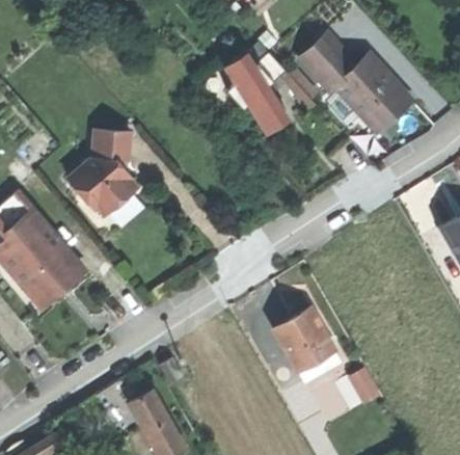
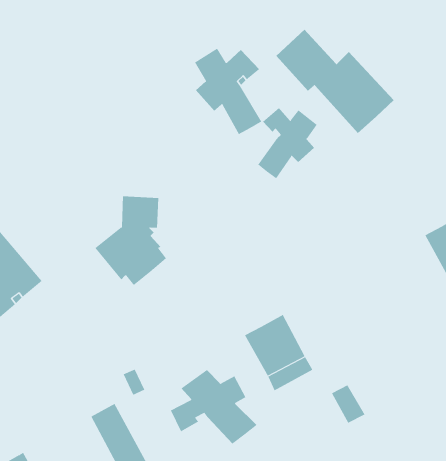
building: none -> [257,107,317,179]
building: [69,131,136,215] -> [94,196,167,286]
building: none -> [170,369,258,444]

